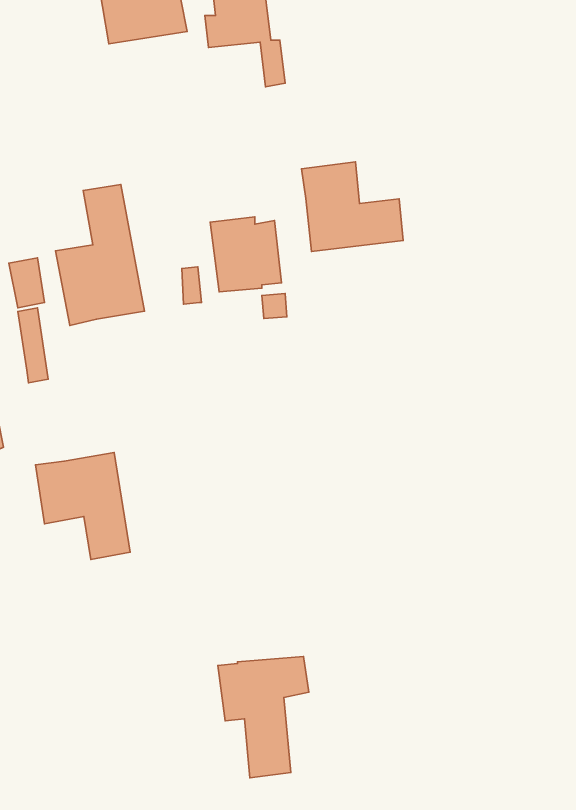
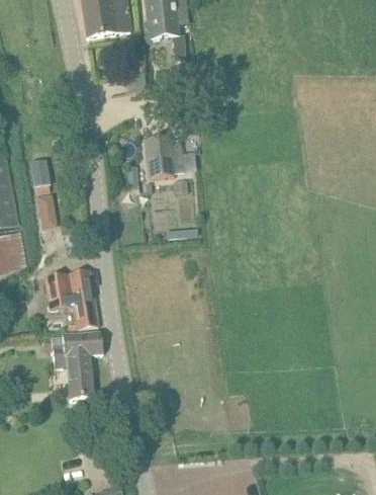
building: [301,162,403,251] -> none
building: [55,185,144,325] -> none
building: [218,657,309,778] -> [52,332,103,401]

